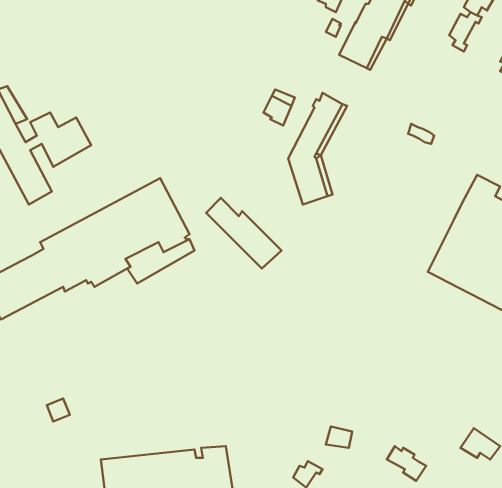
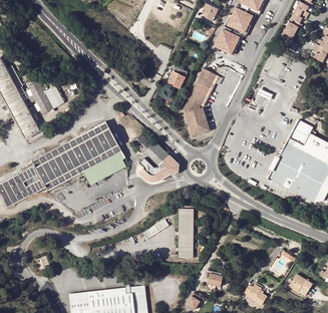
building: none -> [178,209,193,258]

